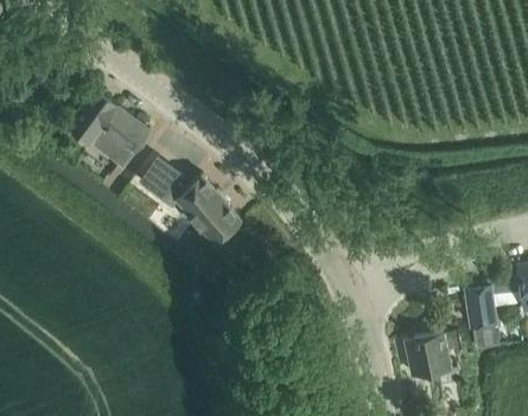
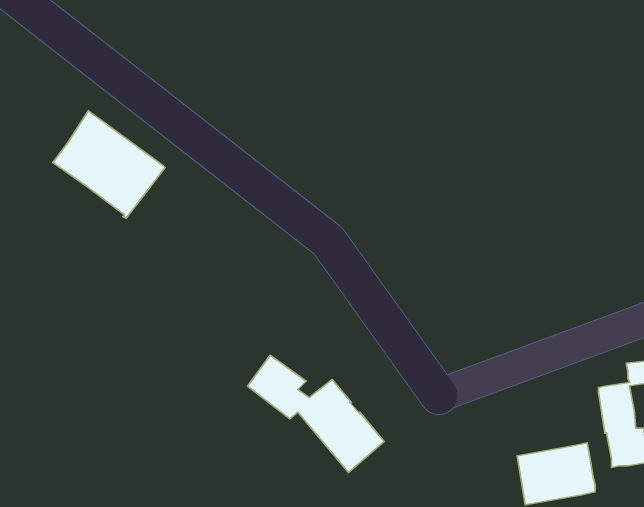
building: [141,160,241,245] -> [247,355,384,473]

